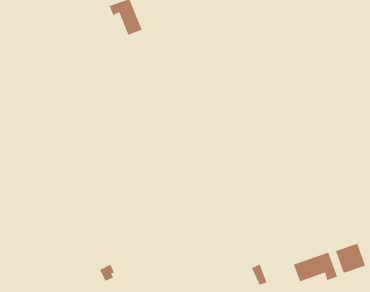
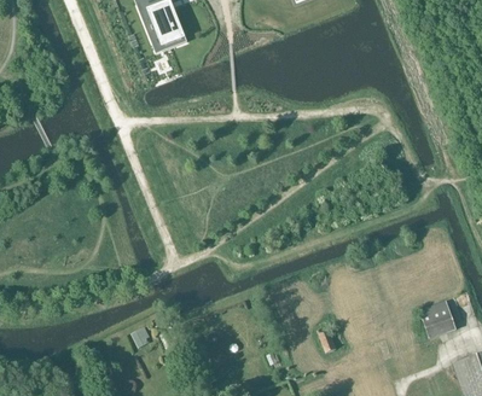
building: [293,252,338,282] -> none

